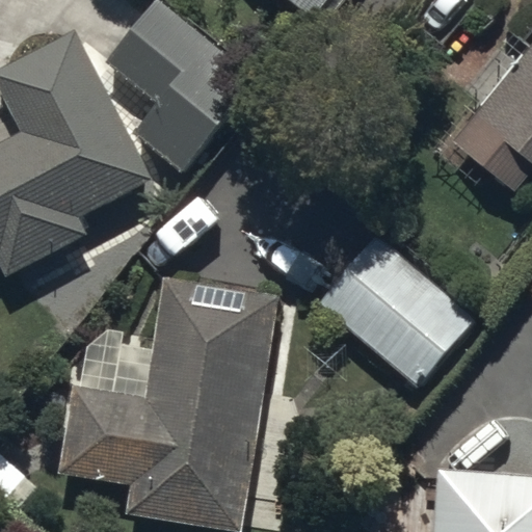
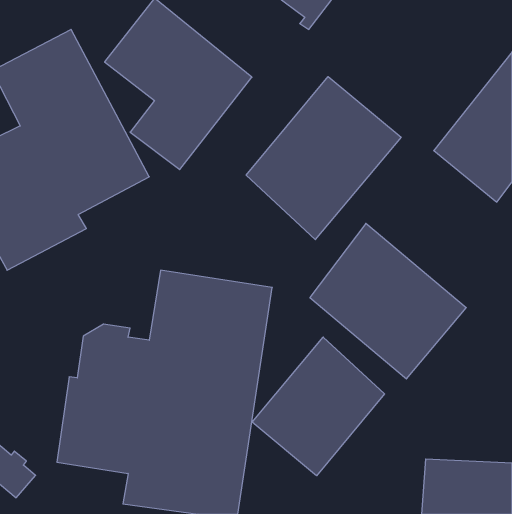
building: none -> [246,77,401,240]
building: none -> [252,337,385,476]

